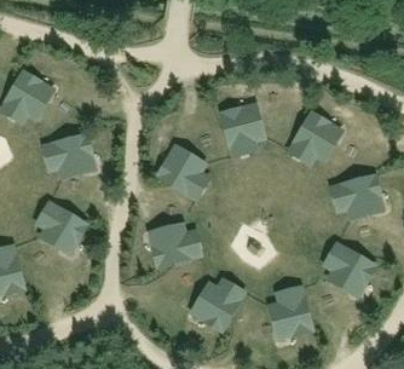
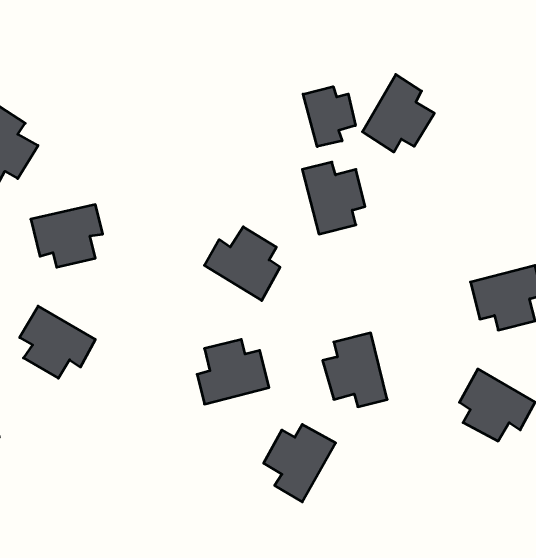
building: none -> [303,87,355,147]
building: [290,113,337,163] -> [362,74,434,152]
building: [270,287,312,335] -> [323,333,387,407]

